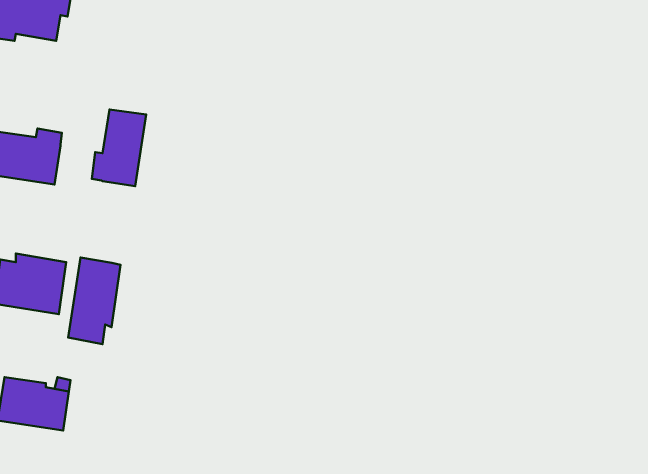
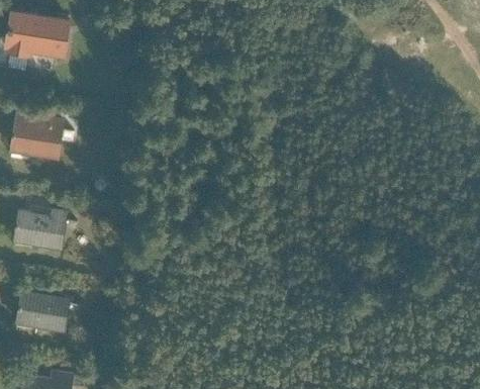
building: [92,109,146,186] -> none
building: [68,257,120,344] -> none

